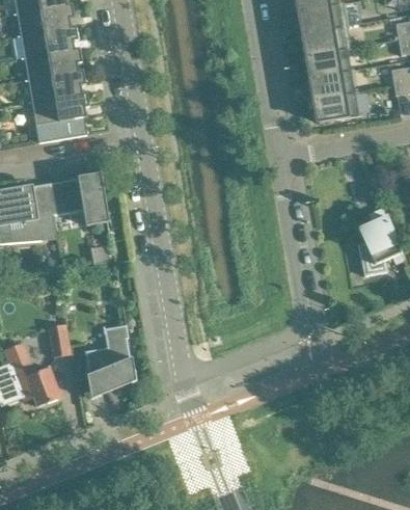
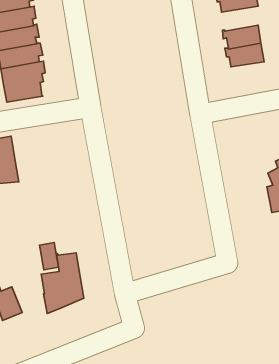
building: [299,25,350,55] -> none
building: [310,92,358,123] -> none
building: [47,171,108,225] -> none
building: [47,323,70,356] -> [40,243,58,270]

